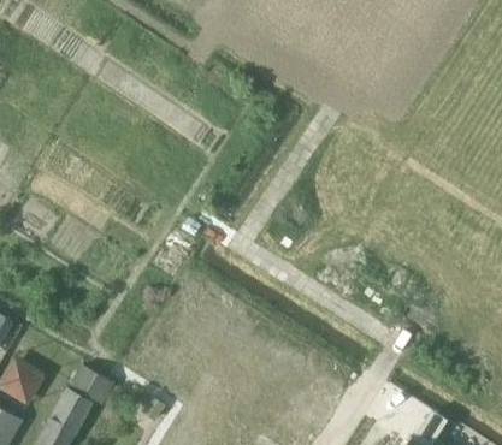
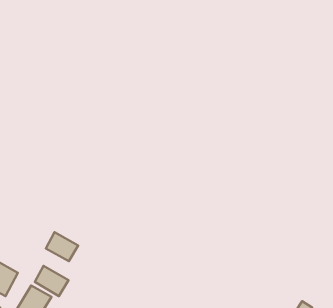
building: none -> [46,232,78,261]

